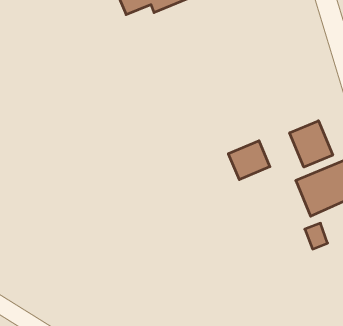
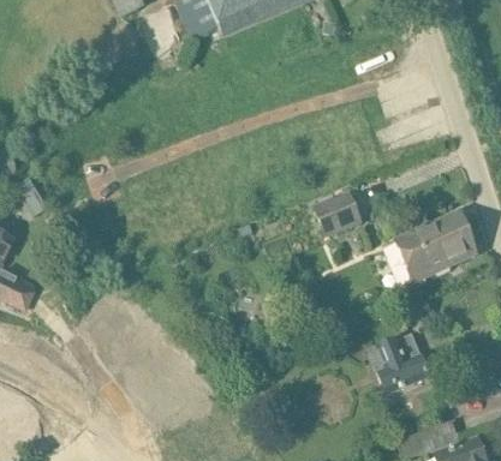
building: [290,121,333,167] -> none
building: none -> [370,333,430,393]

